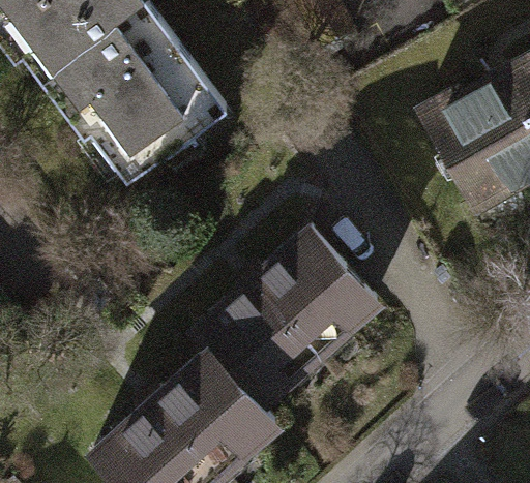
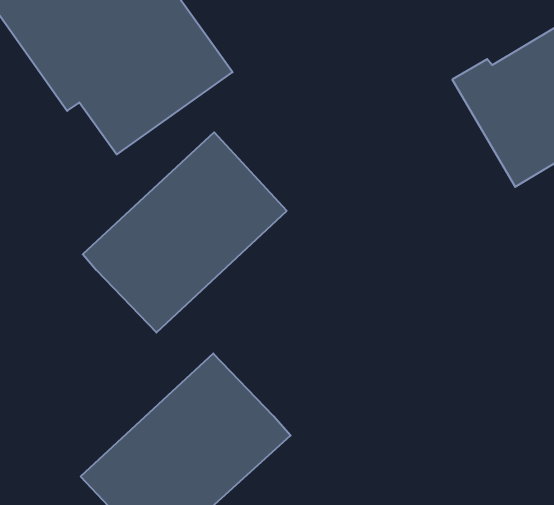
building: [198,227,373,398] -> [83,132,287,333]

